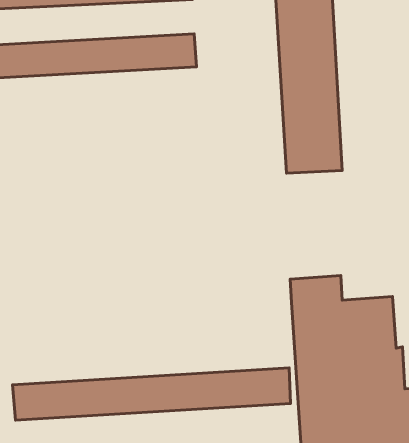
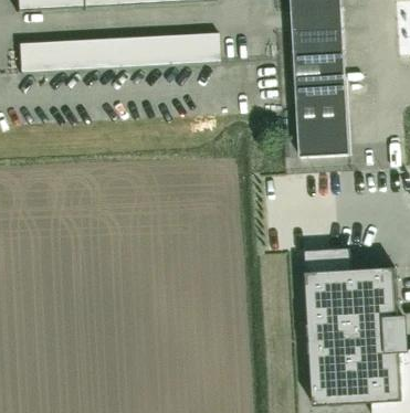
building: [13,368,291,420] -> none

